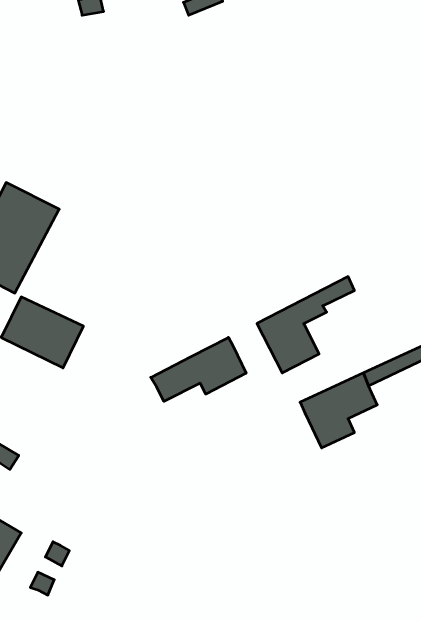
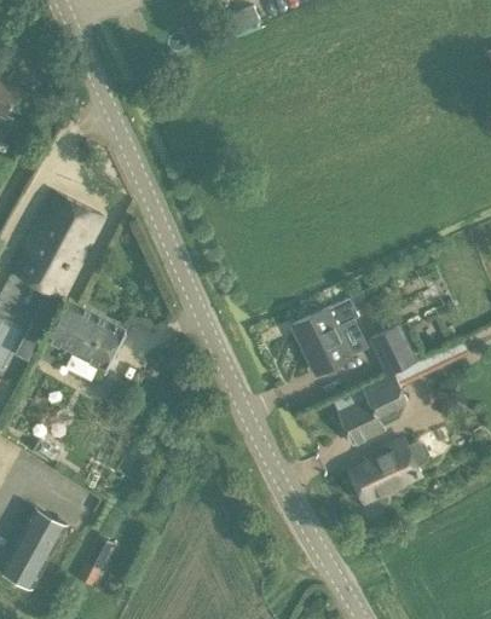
building: none -> [371,326,416,375]
building: [151,337,246,401] -> none
building: none -> [351,442,428,513]

